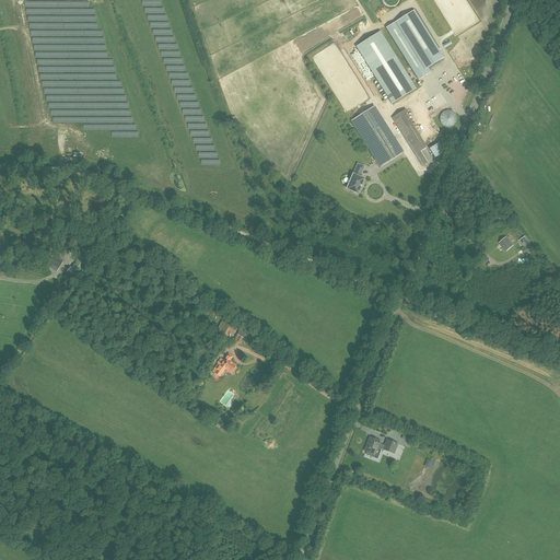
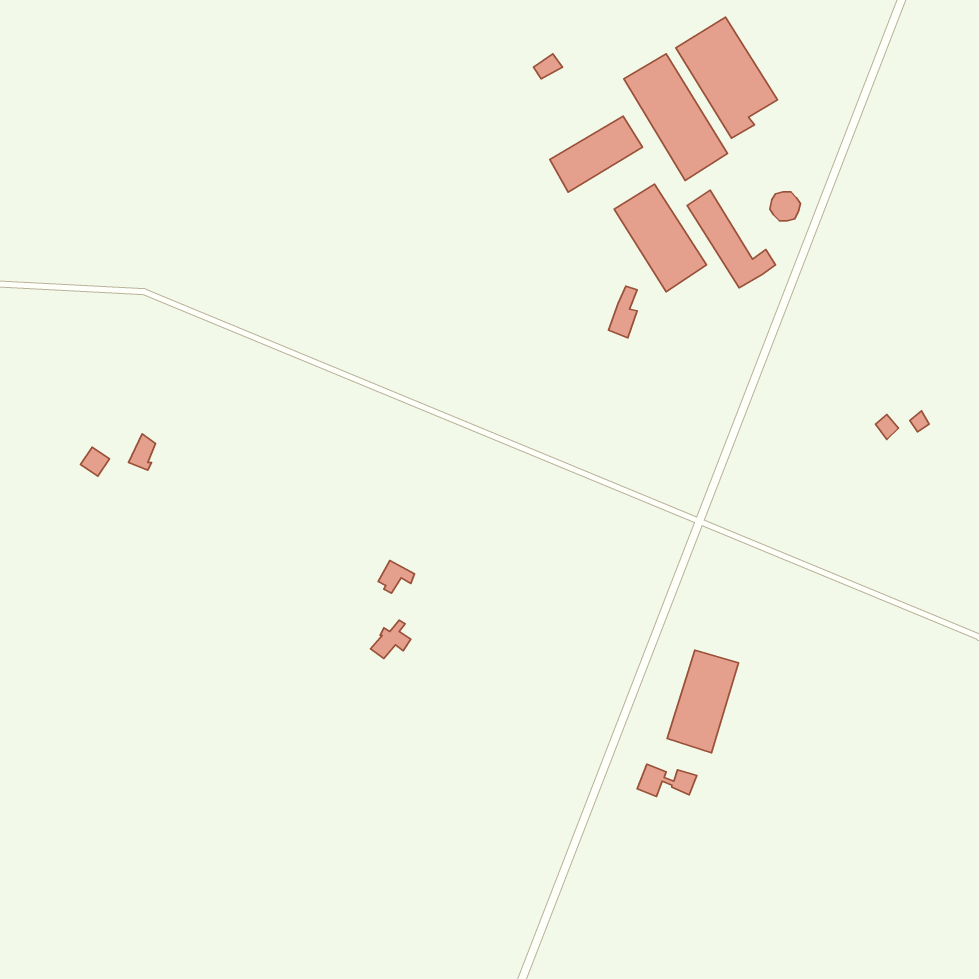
building: none -> [550,116,642,192]
building: none -> [667,650,738,753]

